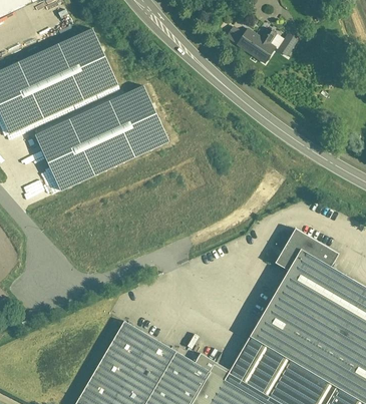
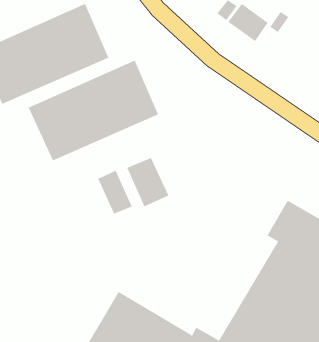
building: none -> [126,157,169,207]
building: none -> [97,170,132,214]

